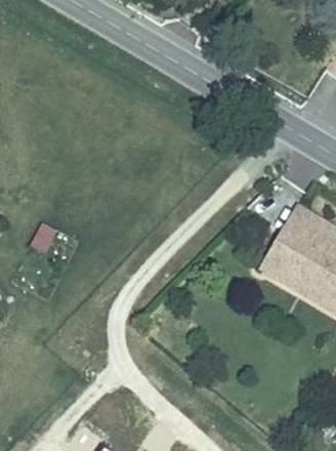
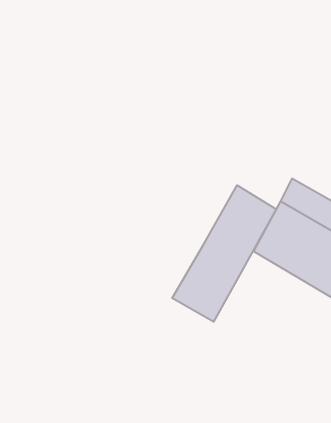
building: none -> [172,185,276,322]

